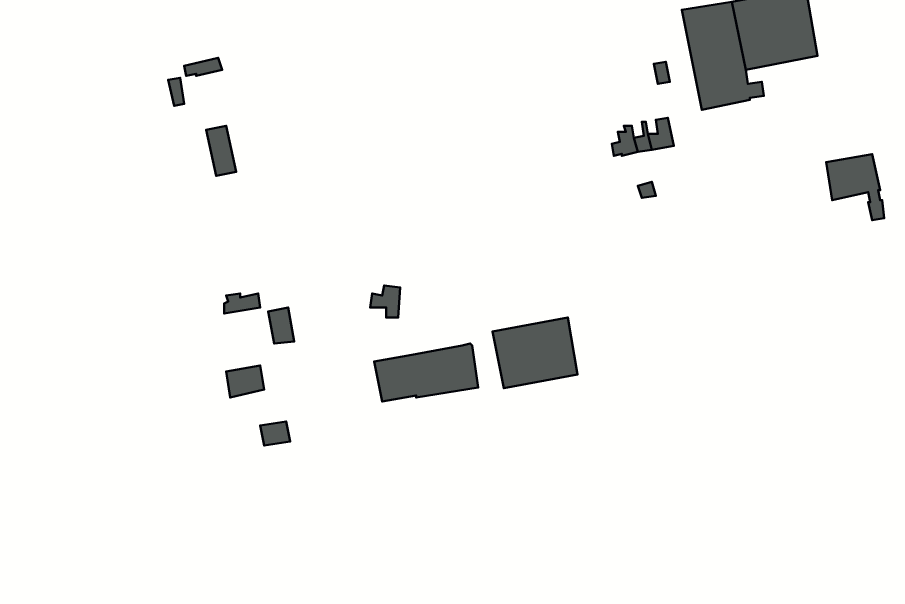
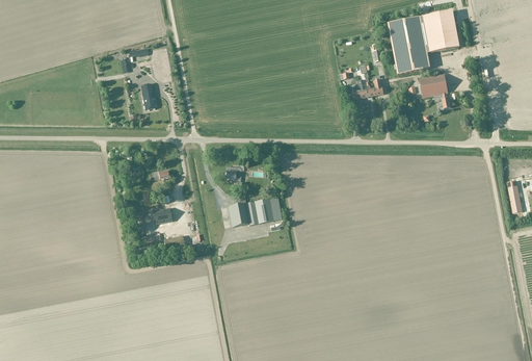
building: [826,154,884,220] -> [420,73,450,107]
building: [493,317,577,388] -> none

